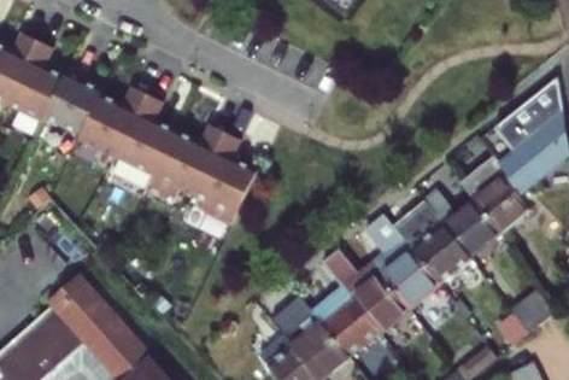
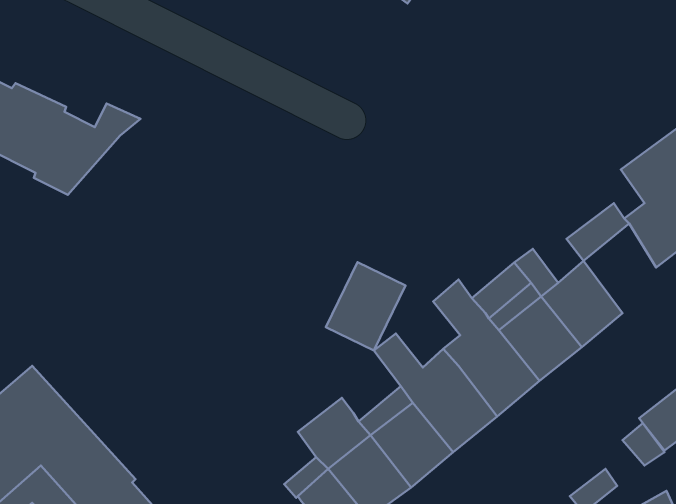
building: [102,97,257,223] -> none
building: [470,171,528,235] -> none
building: none -> [326,262,406,351]

